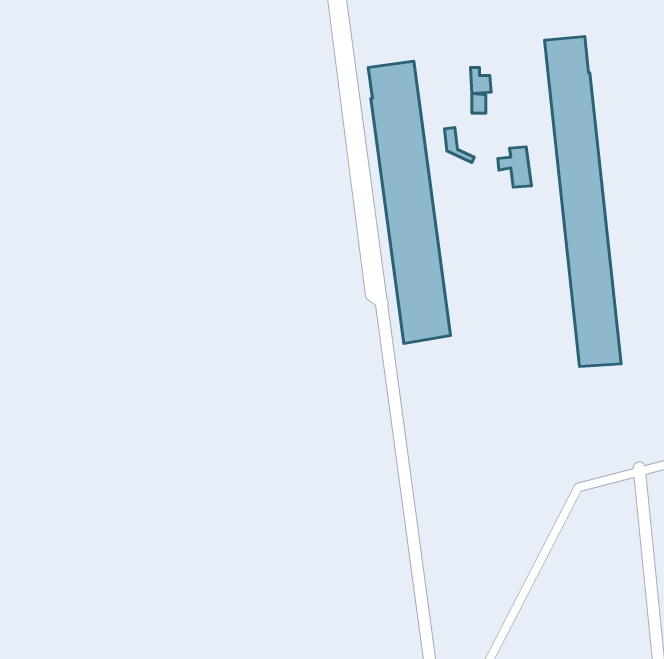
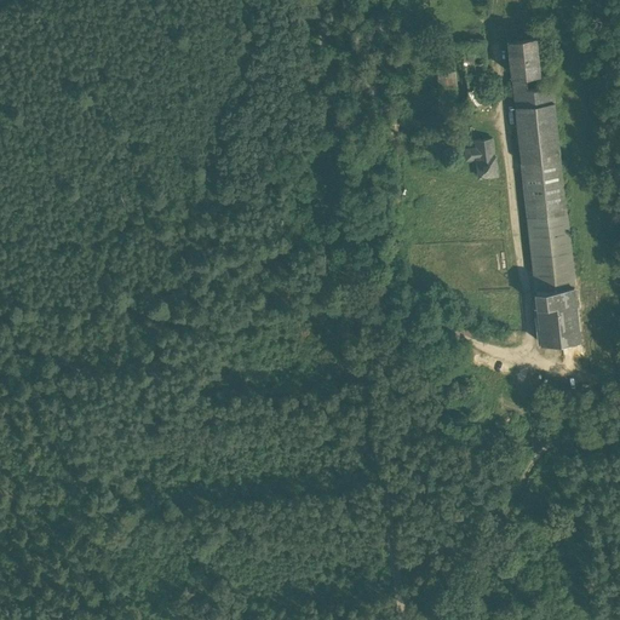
building: [368,61,451,343] -> none

